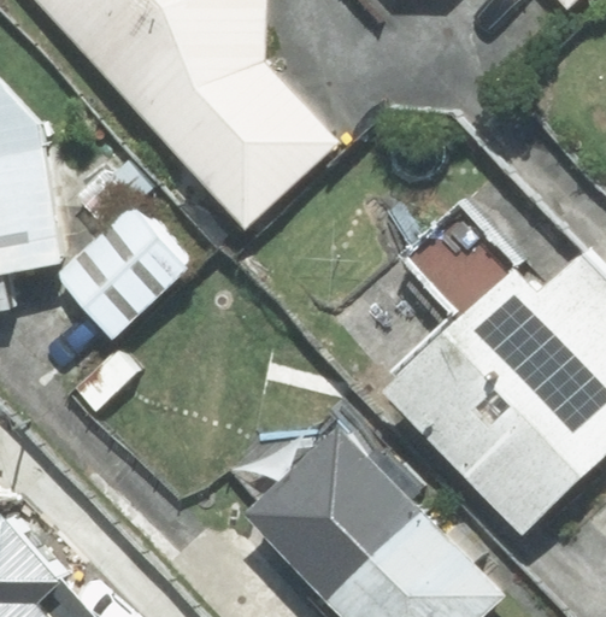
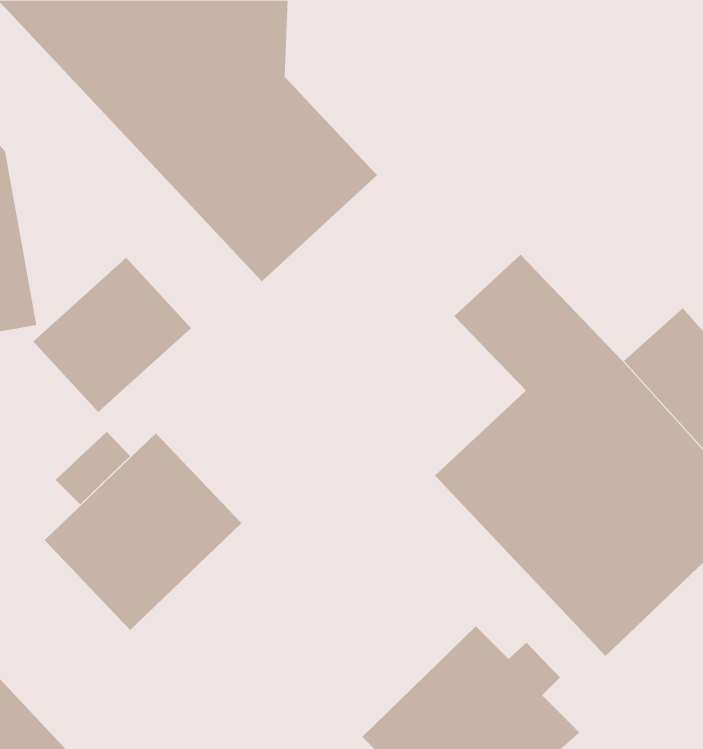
building: none -> [44,432,242,631]
building: [246,424,423,598] -> none

